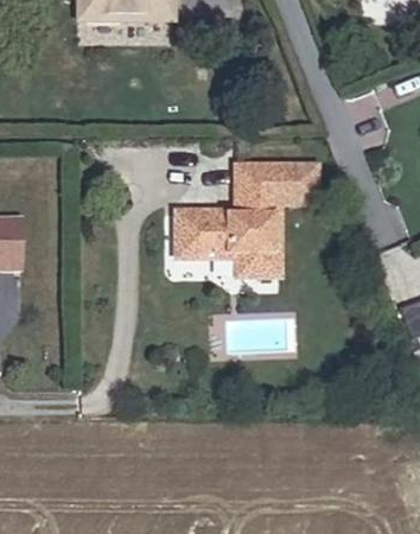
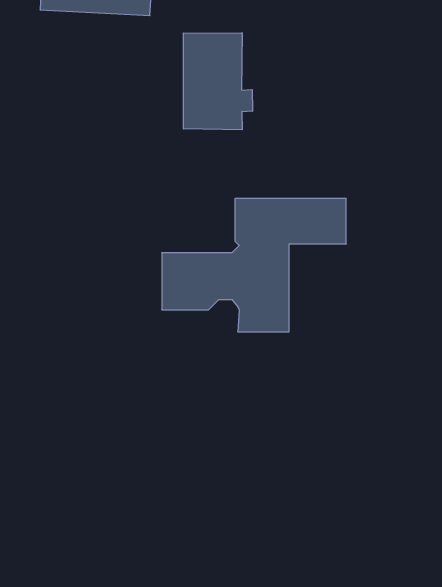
building: none -> [183,33,252,130]

